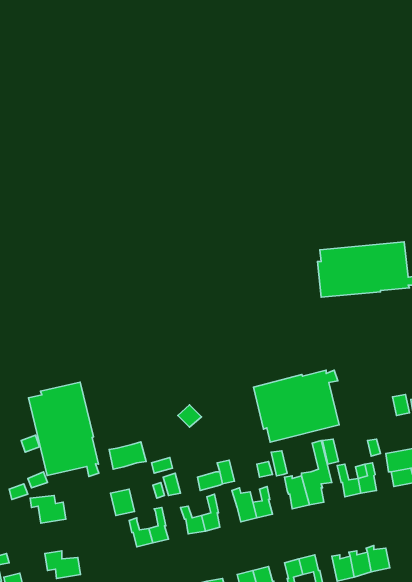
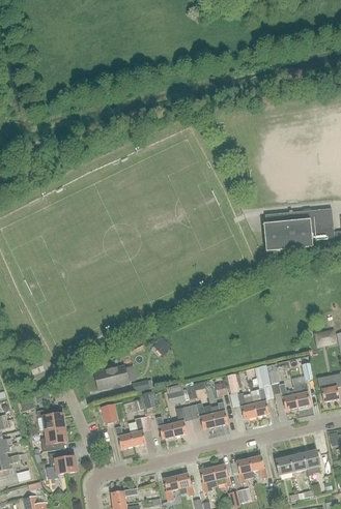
building: [254,370,339,442] -> none
building: [29,382,99,476] -> none
building: none -> [41,427,66,452]

